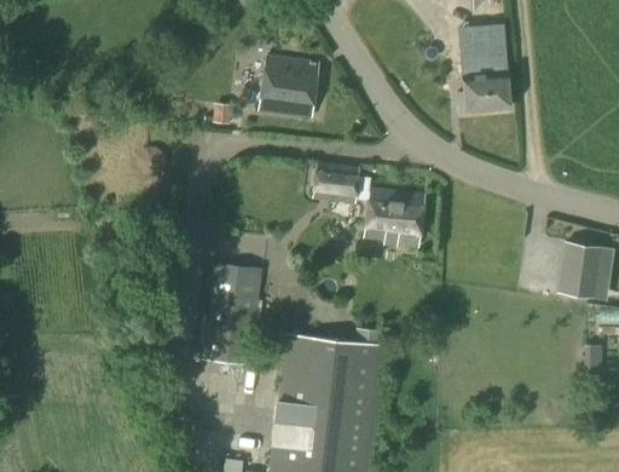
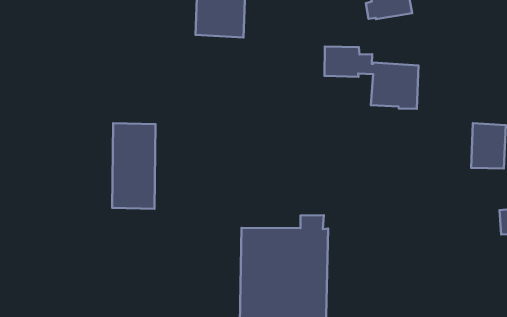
building: [314,162,423,244] -> [325,46,419,109]
building: [202,261,261,364] -> [112,123,156,209]

